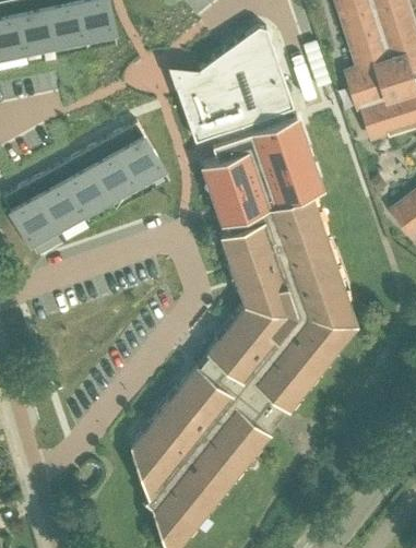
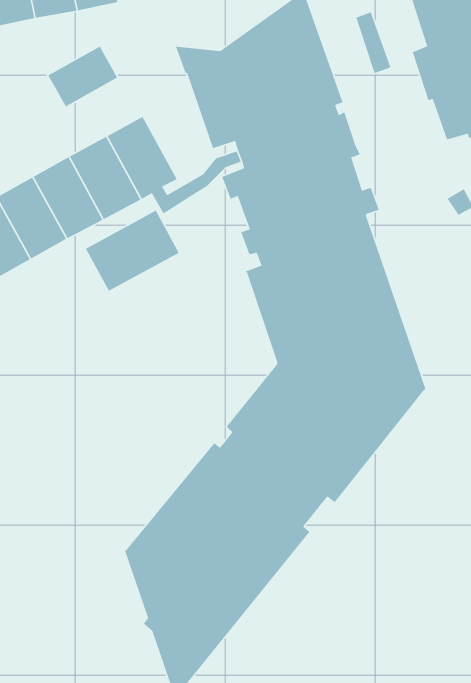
building: none -> [47,46,118,108]
building: none -> [85,209,180,292]

